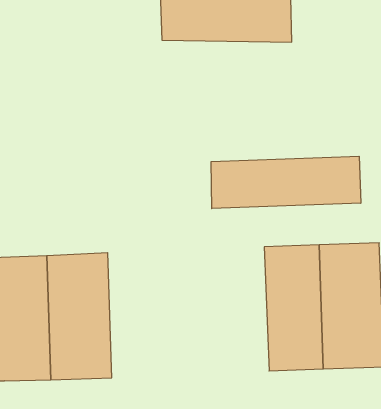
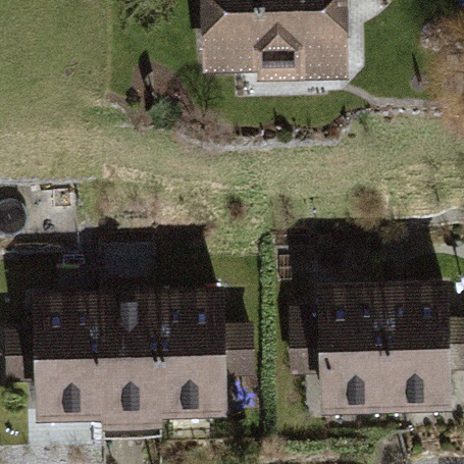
building: [211,156,361,209] -> none
building: none -> [157,289,216,419]

